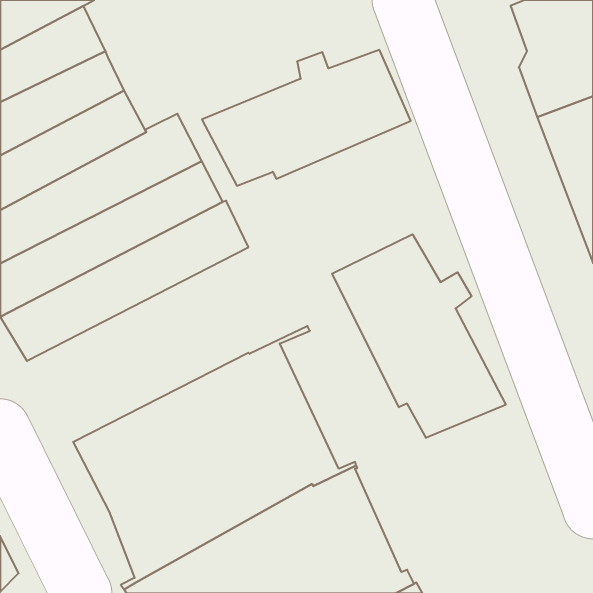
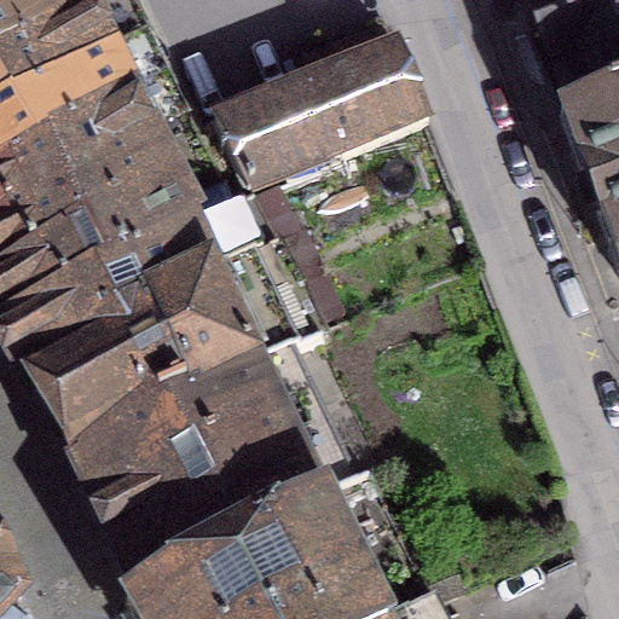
building: [332,234,506,438] -> none
building: none -> [28,245,326,461]

